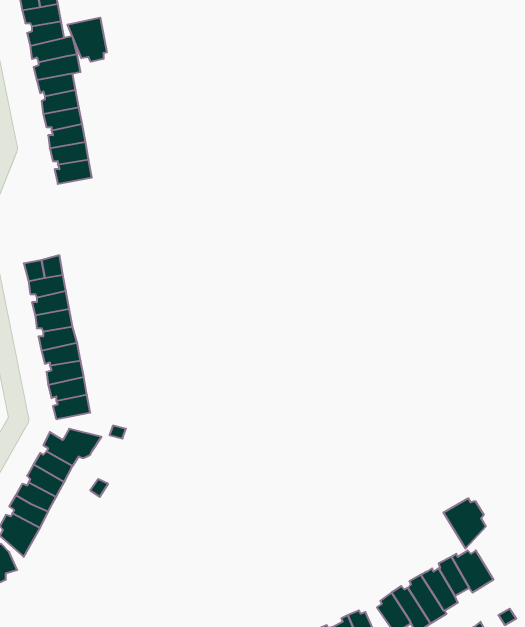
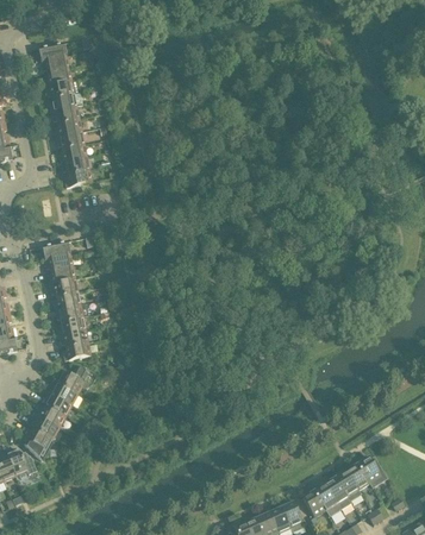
building: [68,18,107,62] -> none
building: [443,498,486,549] -> none

